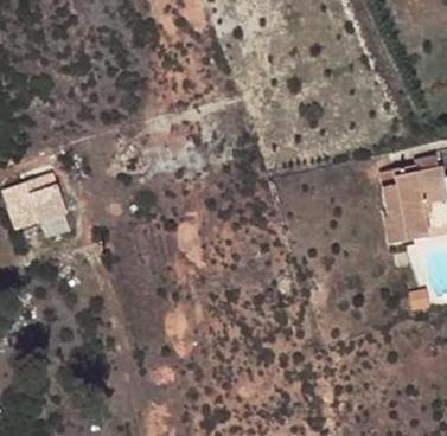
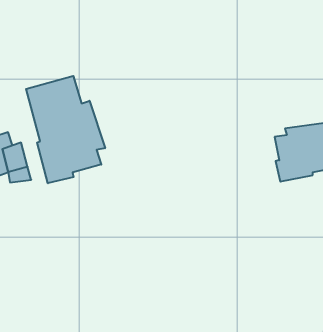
building: none -> [26,76,105,183]

